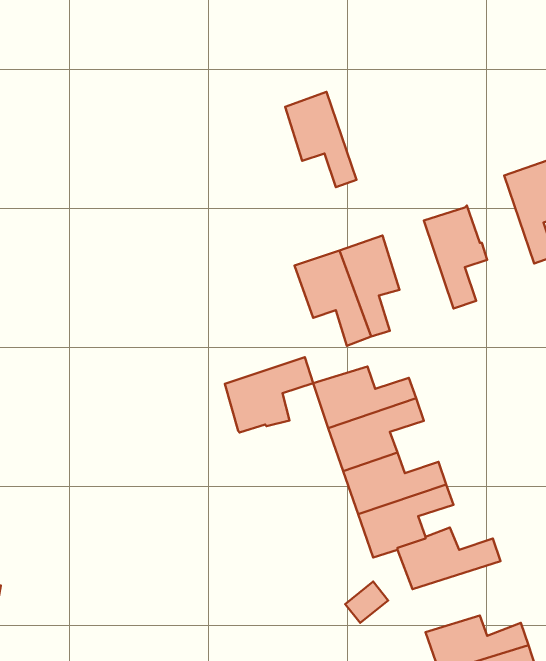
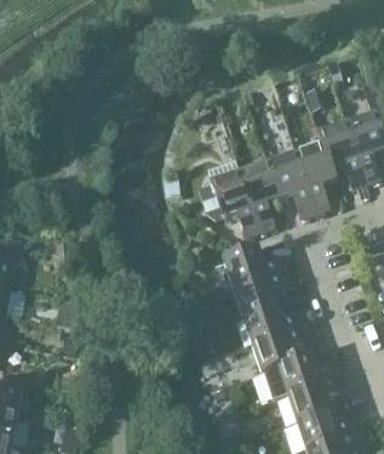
building: [285,92,356,187] -> [268,157,314,219]
building: none -> [317,127,366,189]
building: [225,357,313,433] -> none
building: none -> [287,378,349,424]

